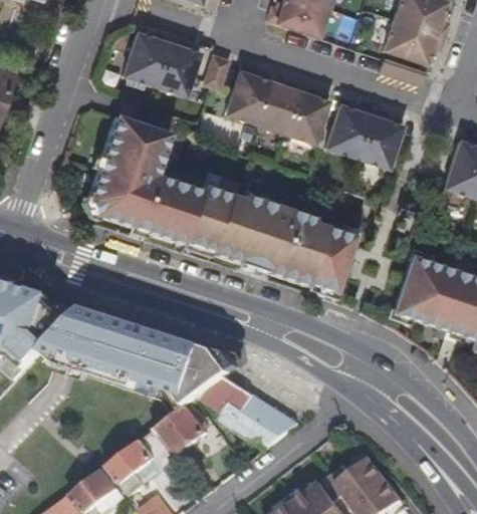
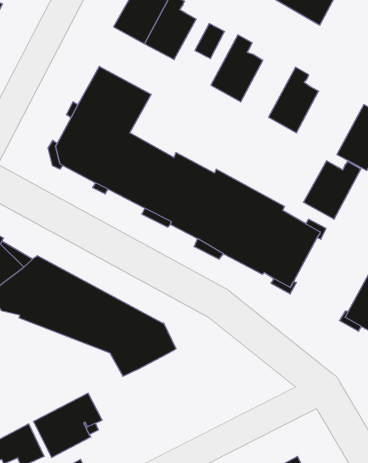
building: [256,78,302,136] -> none
building: [324,102,374,160] -> [303,161,361,219]
building: [203,377,306,451] -> none
building: [165,405,212,450] -> none

